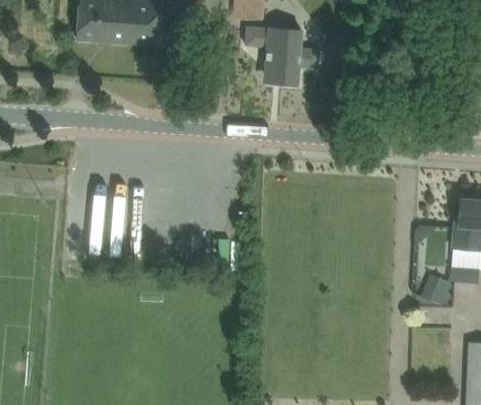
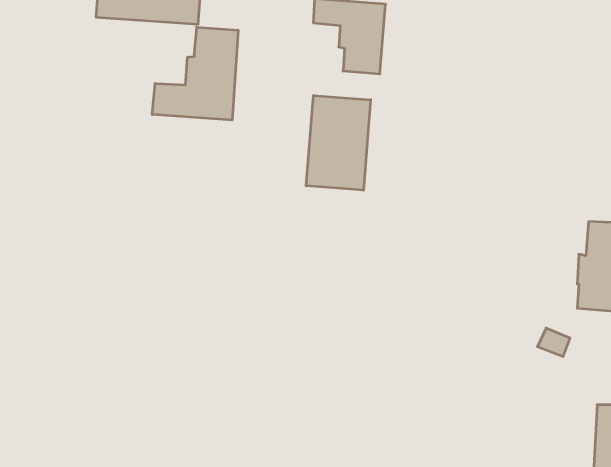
building: none -> [152,27,238,120]
building: none -> [306,95,371,190]

